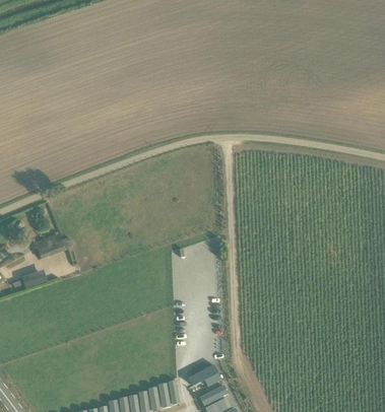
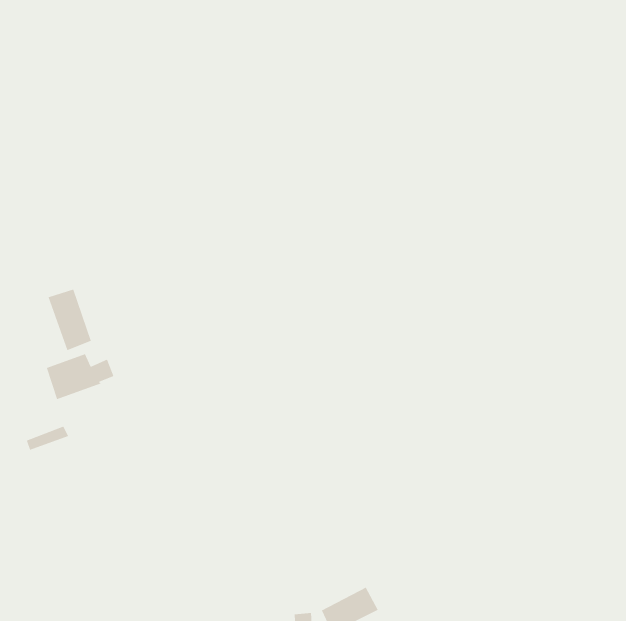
building: none -> [47,288,92,351]

